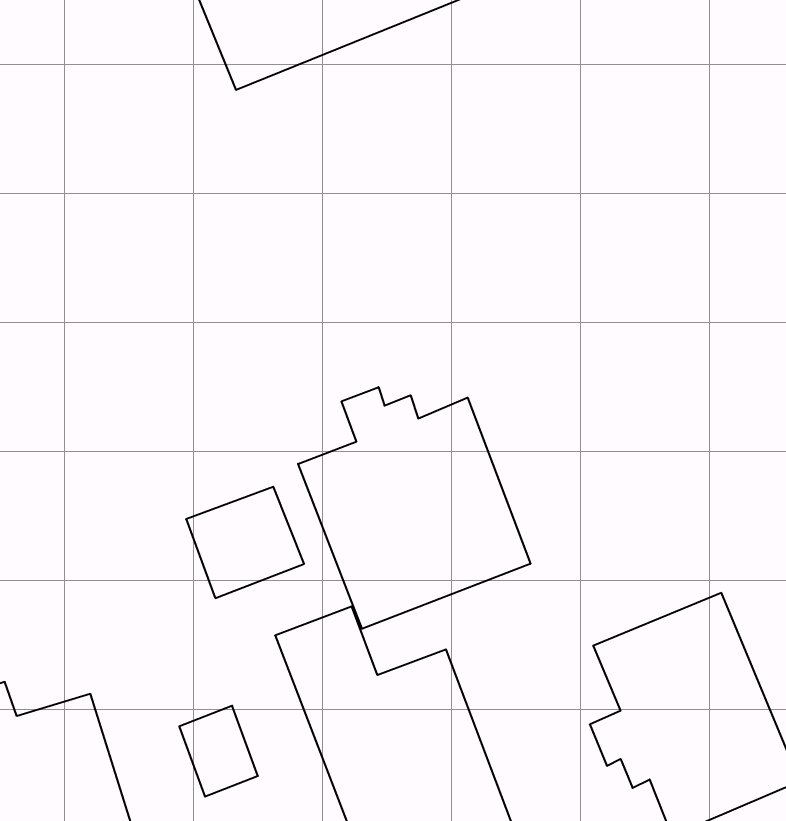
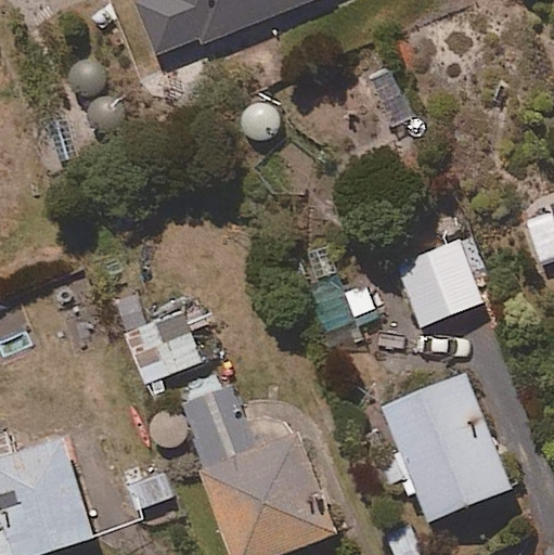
building: none -> [394,238,480,330]
building: [298,387,530,629] -> none

